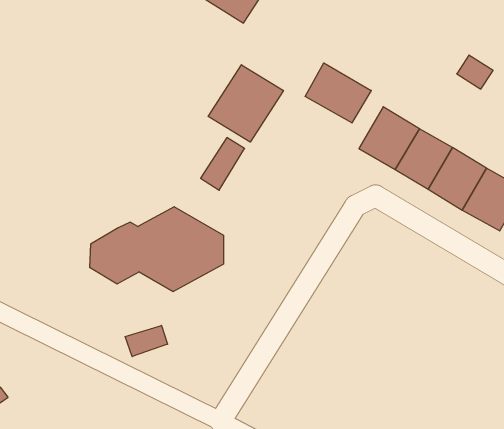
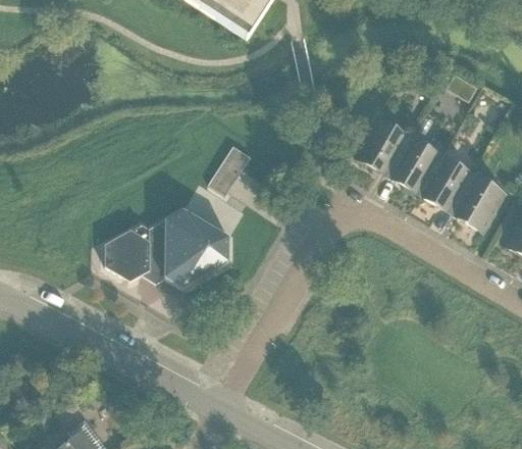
building: [305,63,371,123] -> none
building: [208,65,283,142] -> none
building: [125,325,168,357] -> none

